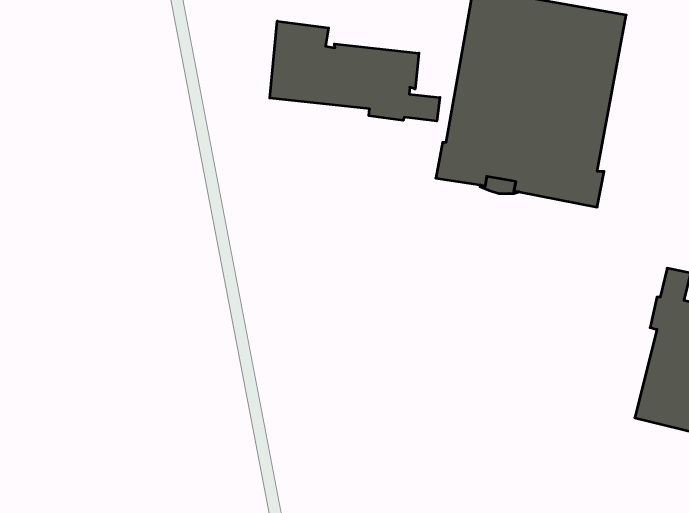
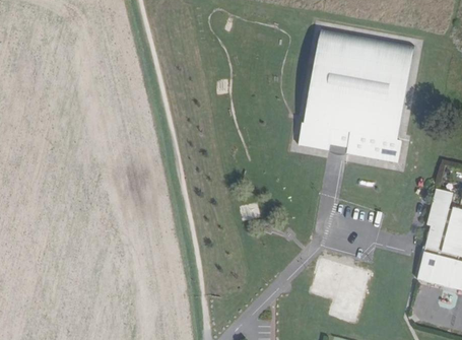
building: [270,21,440,121] -> none

